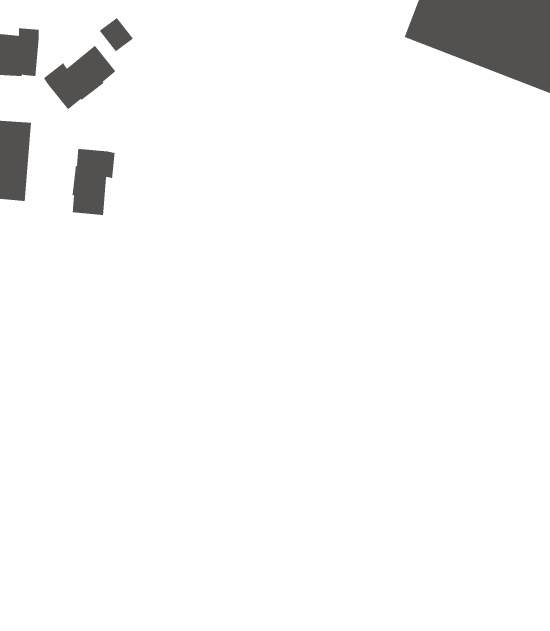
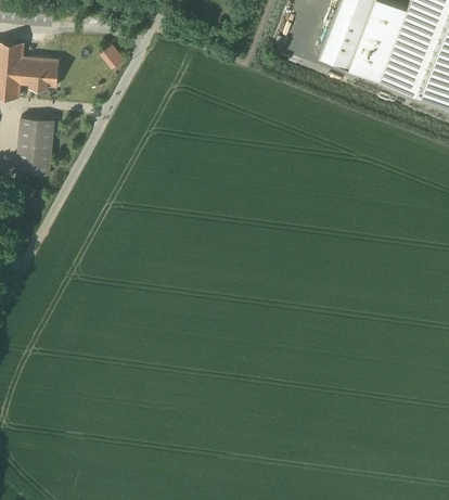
building: [43,45,116,110] -> none
building: [72,148,115,216] -> none

